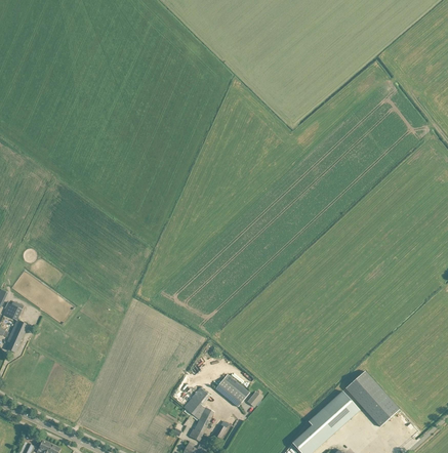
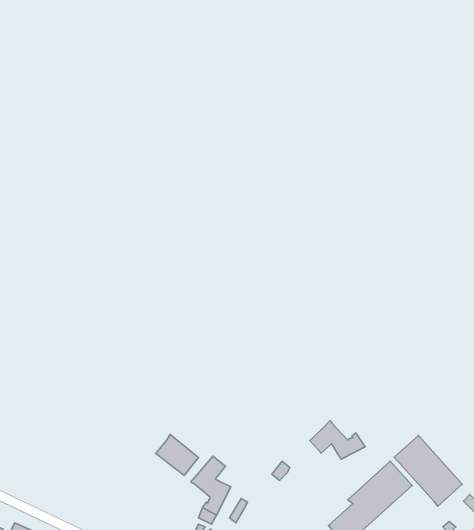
building: none -> [310,421,365,459]
building: [215,373,249,406] -> [156,434,198,475]

